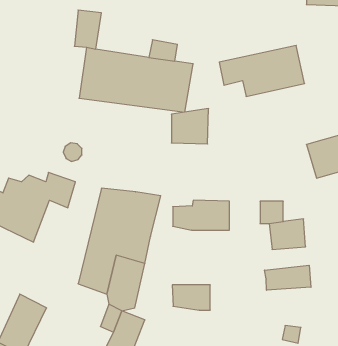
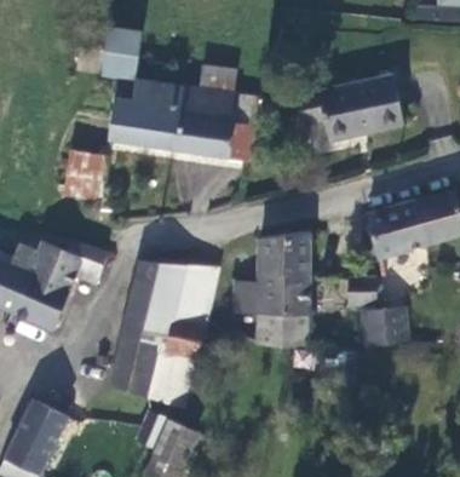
building: none -> [65,148,109,199]
building: [171,109,209,144] -> [260,231,309,277]
building: none -> [366,203,421,259]
building: [265,265,311,290] -> none
building: [172,285,210,310] -> [258,315,307,347]

